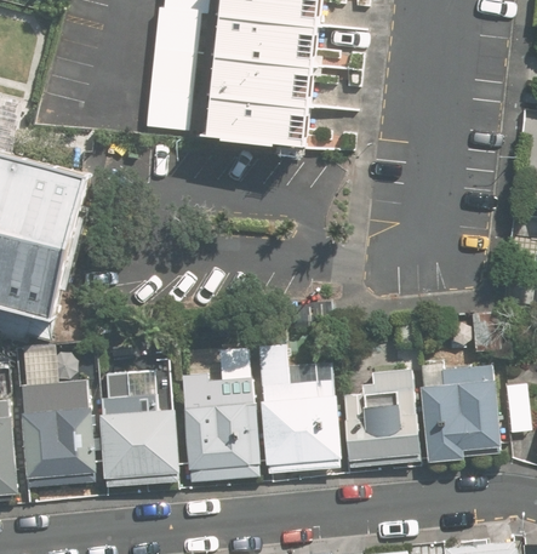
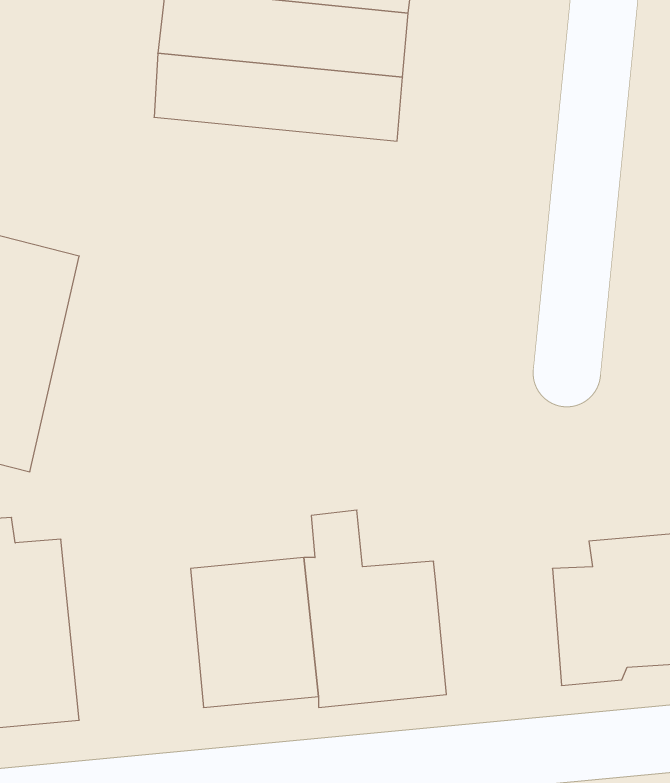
building: [150,85,315,141] -> none
building: [92,365,187,485] -> none
building: [341,384,424,468] -> none

